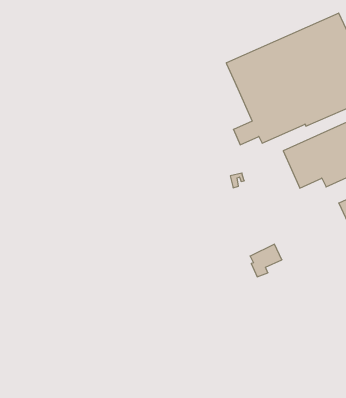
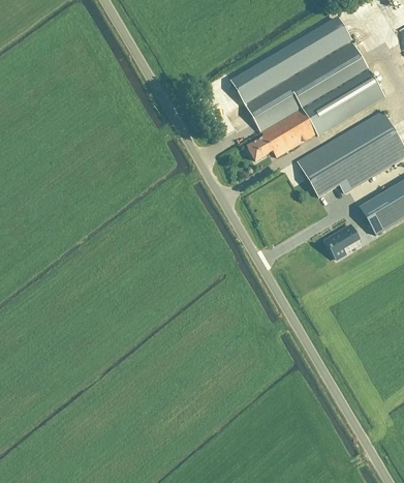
building: [250,244,282,277] -> [327,223,359,258]

